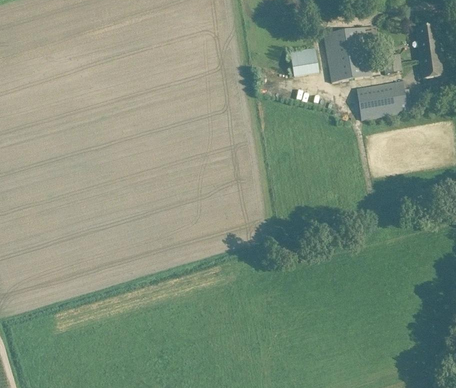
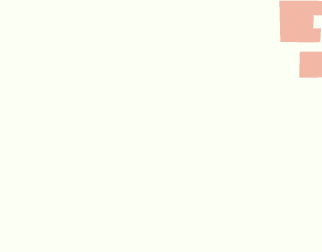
building: [294,50,323,78] -> none

